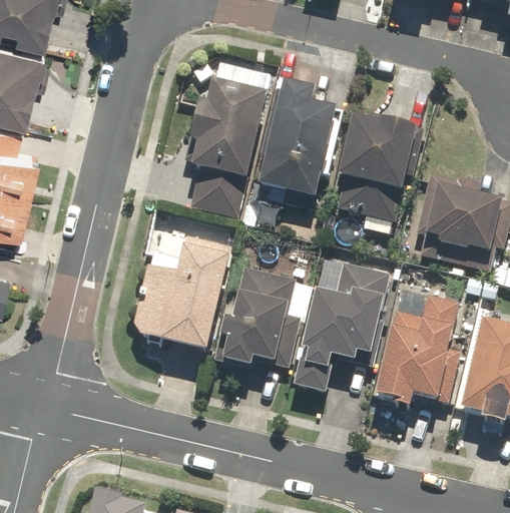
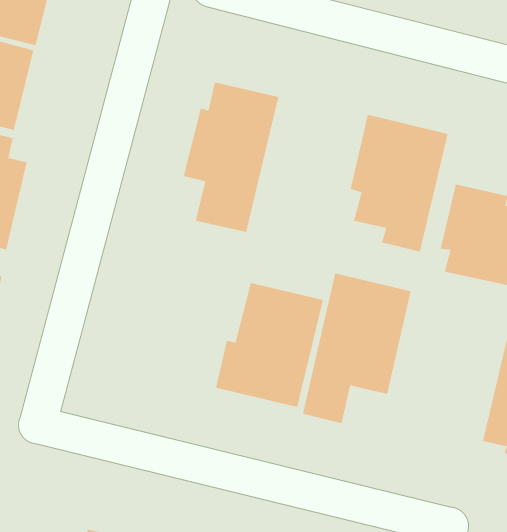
building: [242,79,346,223] -> none
building: [131,231,233,353] -> none
building: [372,287,464,408] -> none

